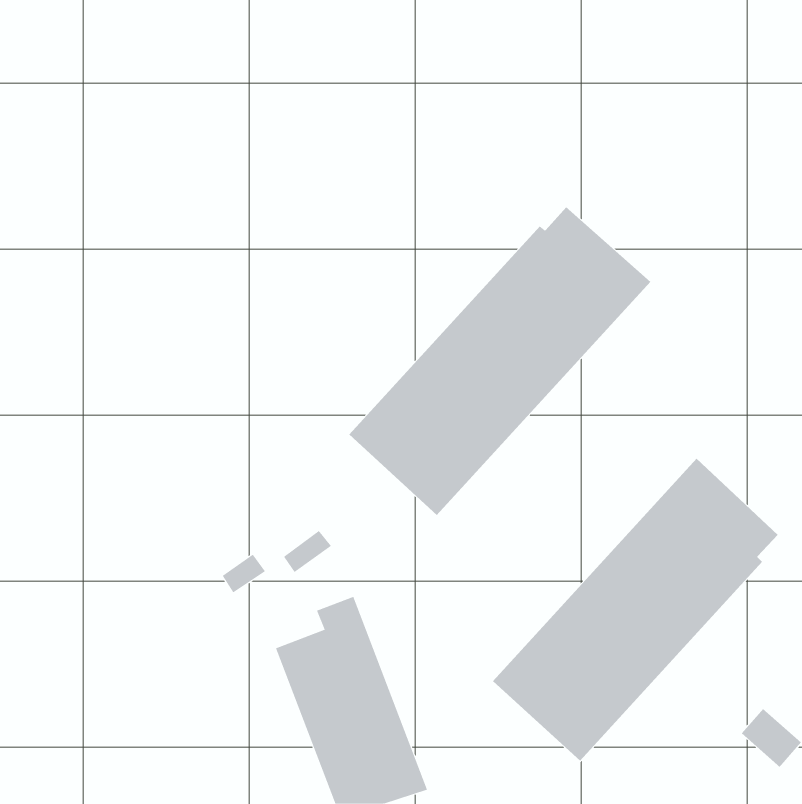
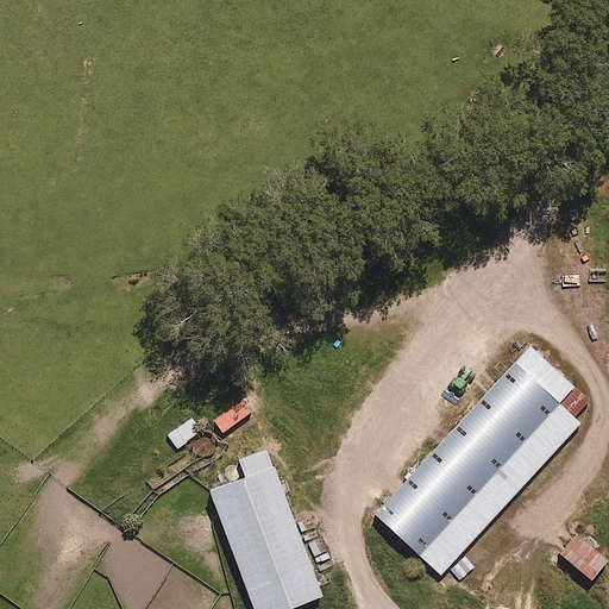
building: [348,206,651,516] -> none

